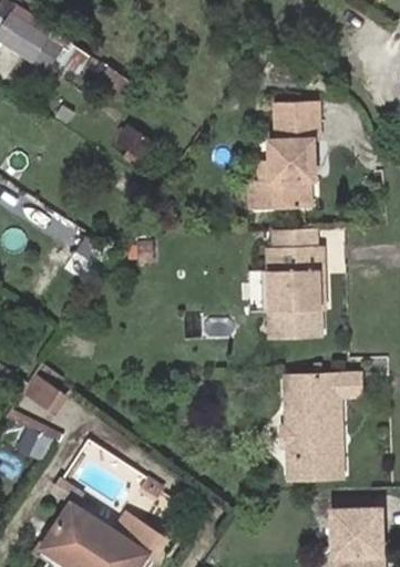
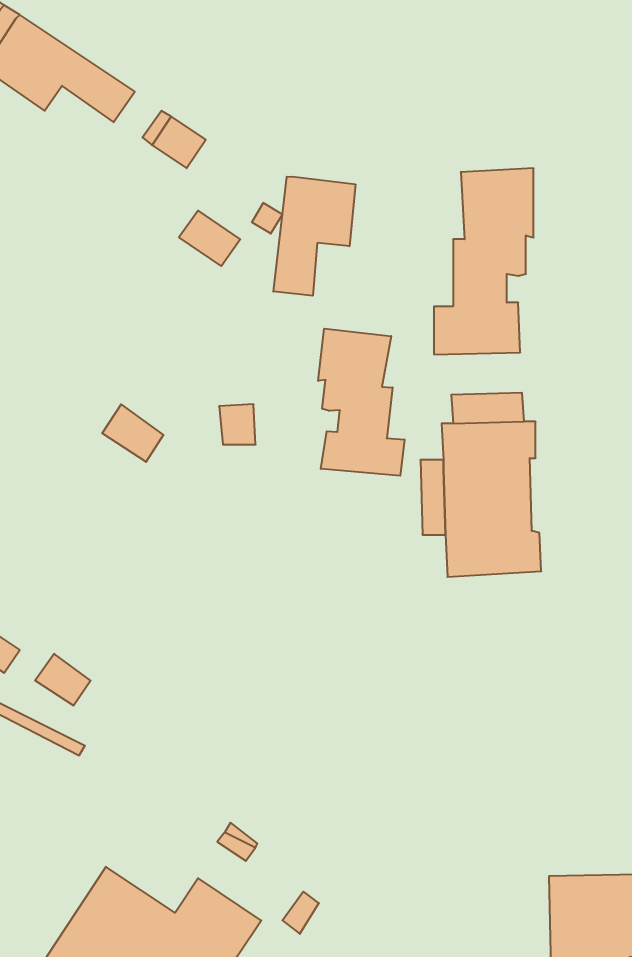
building: none -> [273,177,355,296]
building: none -> [318,329,404,476]
building: [278,373,360,480] -> none

